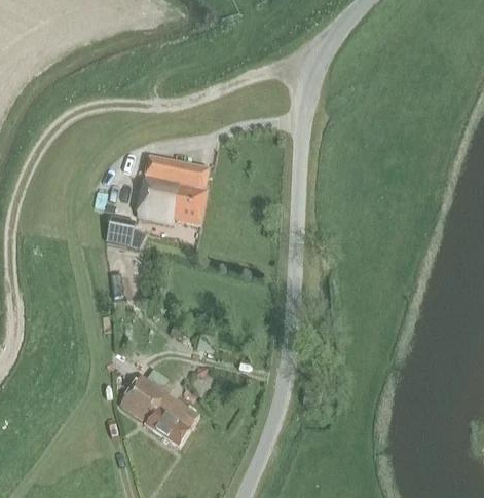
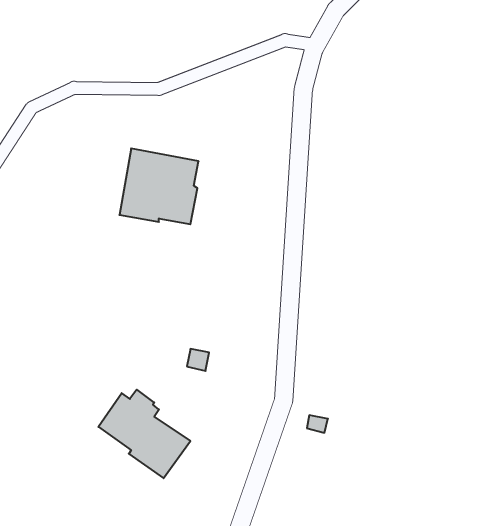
building: [106,218,137,250] -> none

